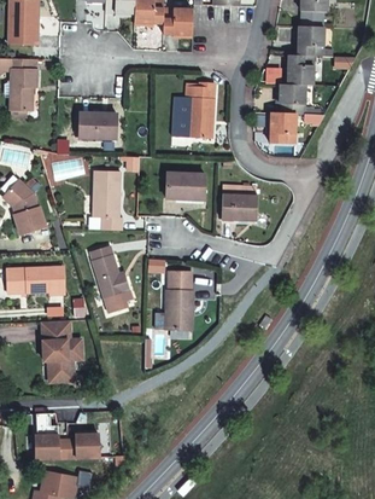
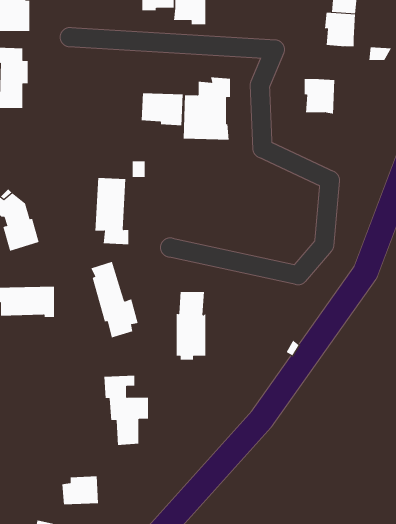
building: [286,56,314,86] -> none
building: [80,112,117,141] -> [141,93,183,126]
building: [268,115,297,144] -> none
building: [165,173,204,201] -> none
building: [221,185,257,220] -> none
building: [41,321,81,383] -> [103,375,149,445]
building: [33,436,66,460] -> none

